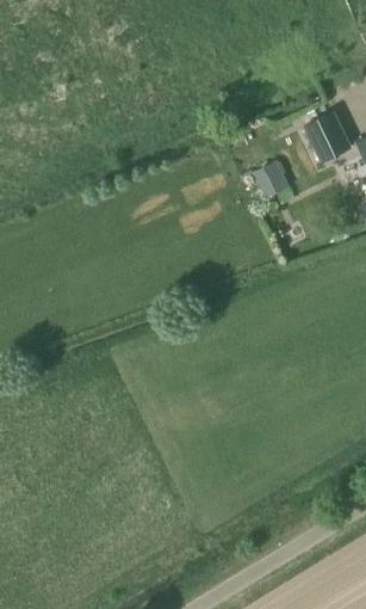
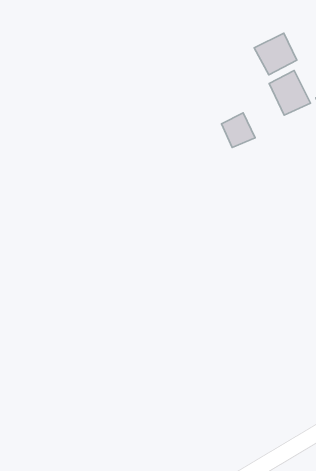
building: none -> [254,33,297,75]

